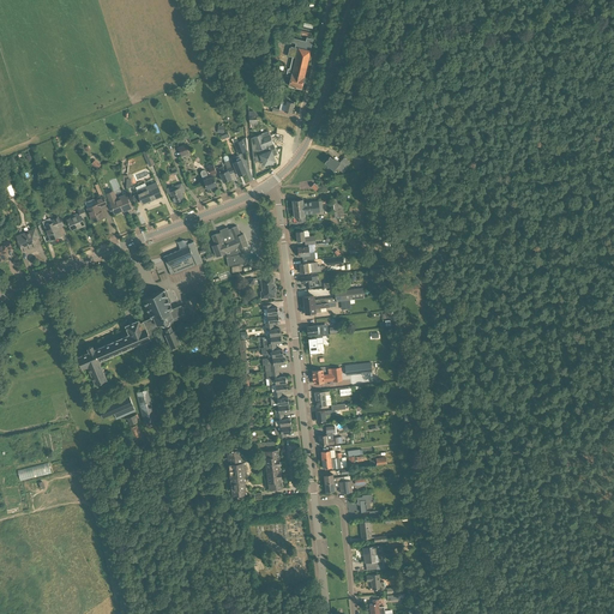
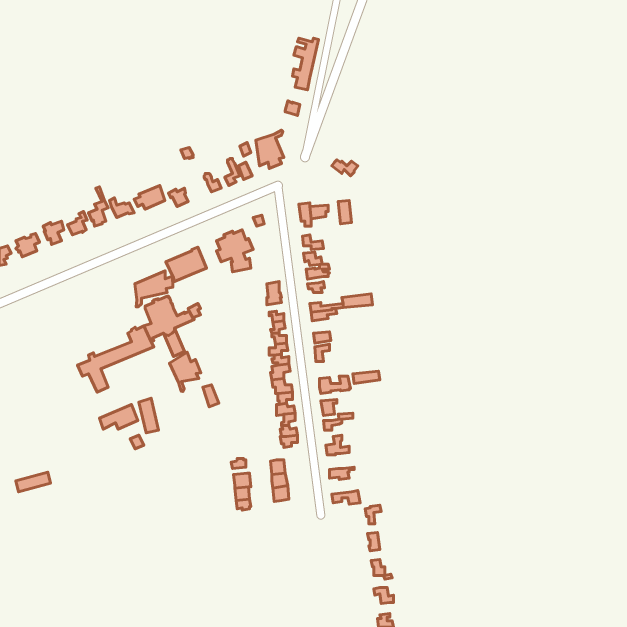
building: none -> [135,271,173,307]
building: none -> [170,352,201,391]

